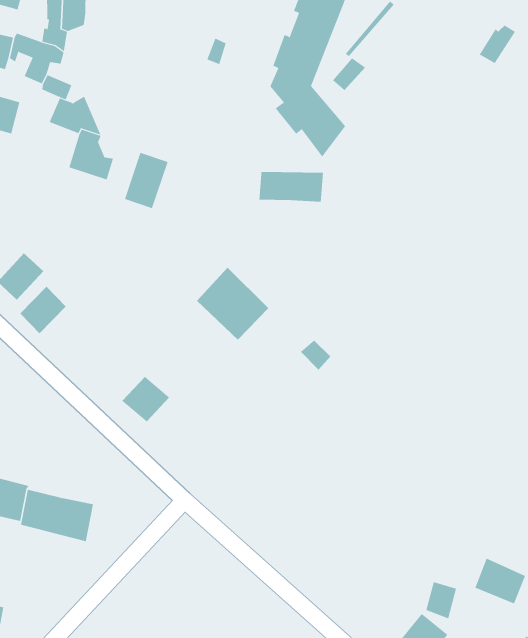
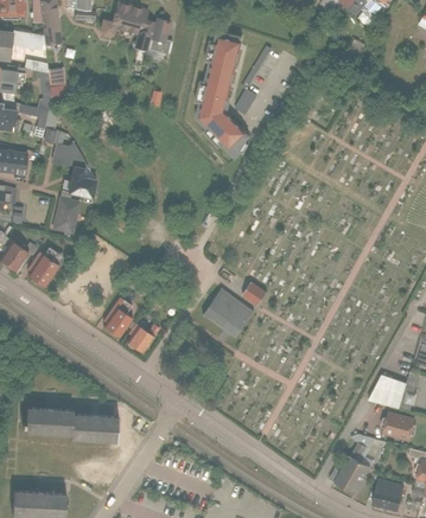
building: [124,152,169,209] -> [52,196,78,232]
building: [259,171,323,203] -> none
building: [196,267,269,340] -> [203,288,253,337]
building: [20,286,66,334] -> [104,306,135,339]
building: none -> [370,373,405,408]

